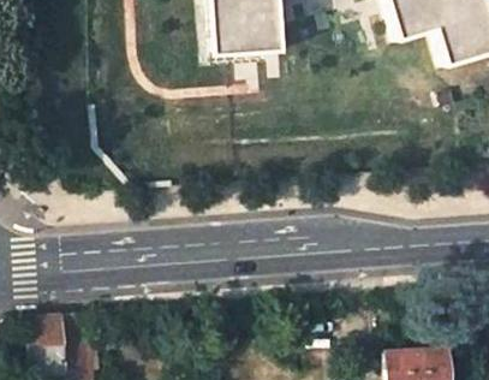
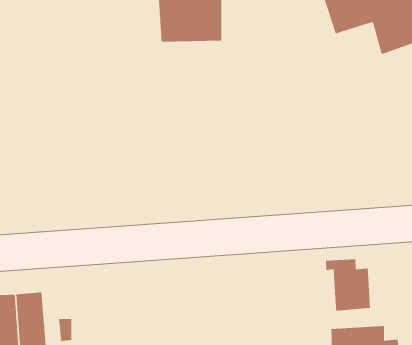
building: none -> [326,258,370,312]

